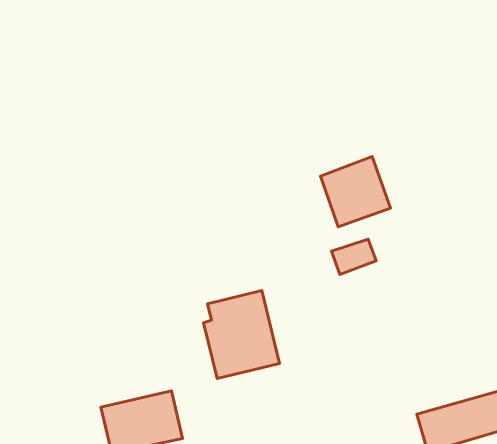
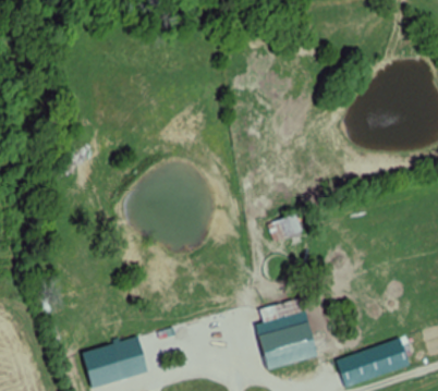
building: [320,156,390,227] -> none
building: [203,290,279,379] -> [256,298,317,369]

